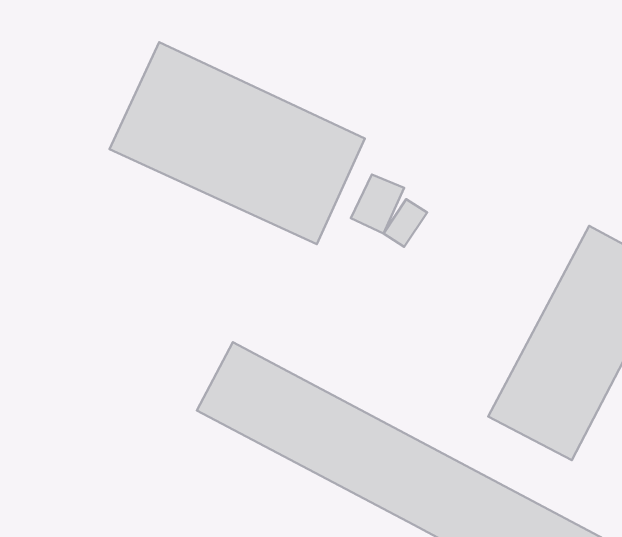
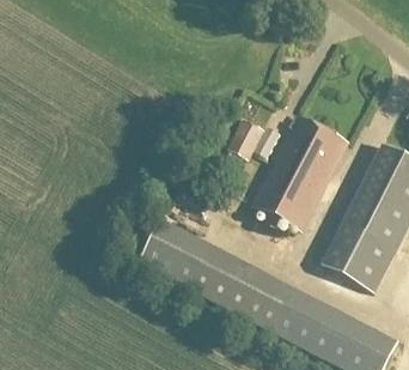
building: [109,42,365,244] -> none
building: none -> [255,116,348,229]

